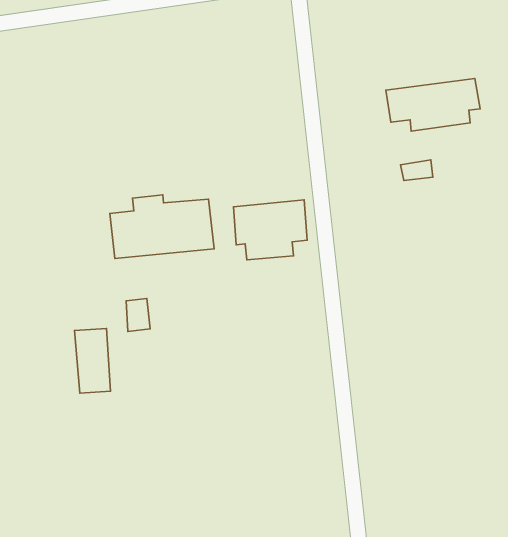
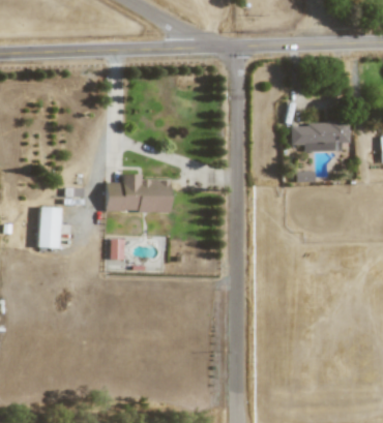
building: [233,200,307,260] -> none
building: [74,329,110,393] -> [39,207,61,248]

